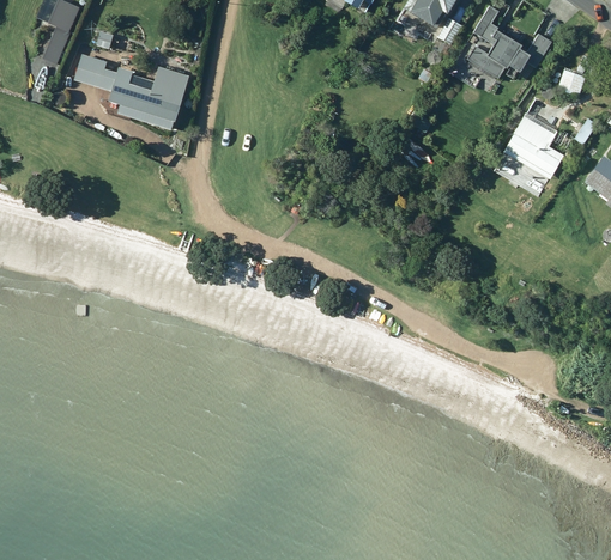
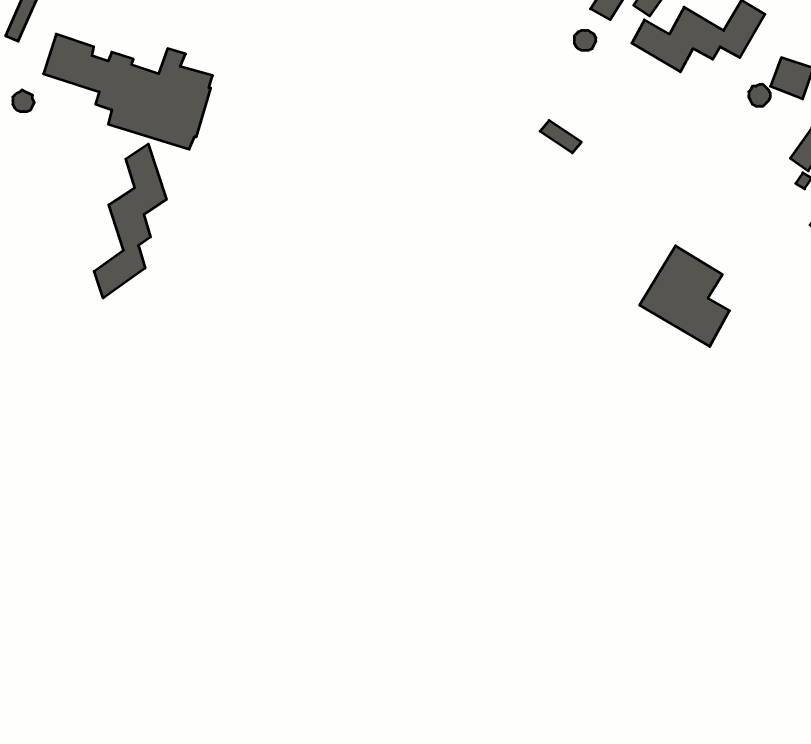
building: [503,111,563,178] -> [640,246,730,347]
building: none -> [94,144,166,298]

